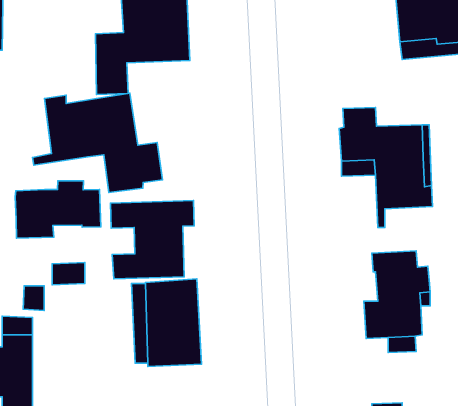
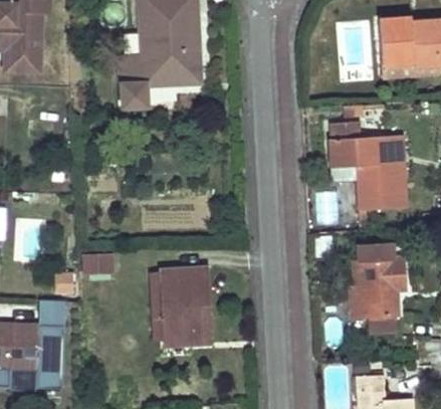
building: [32,93,162,192] -> none
building: [15,181,101,238] -> none
building: [111,201,194,279] -> none

